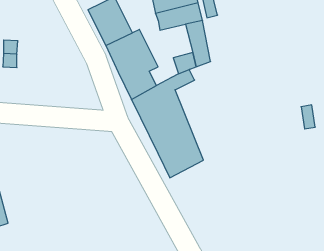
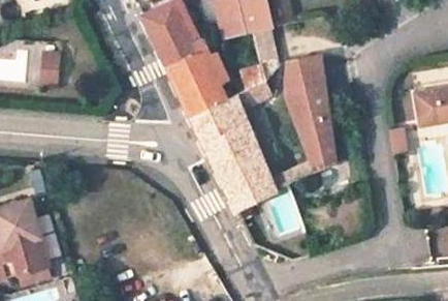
building: none -> [285,57,334,173]

